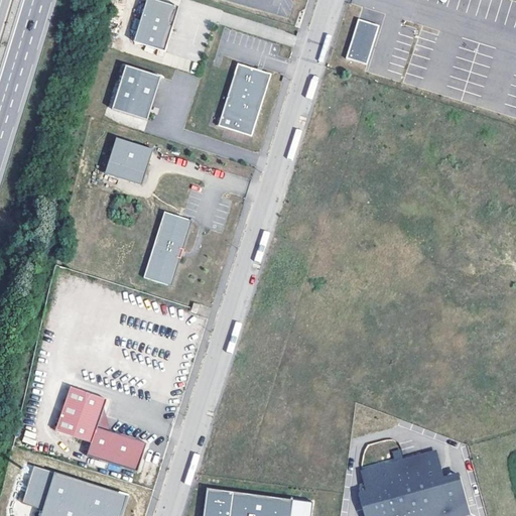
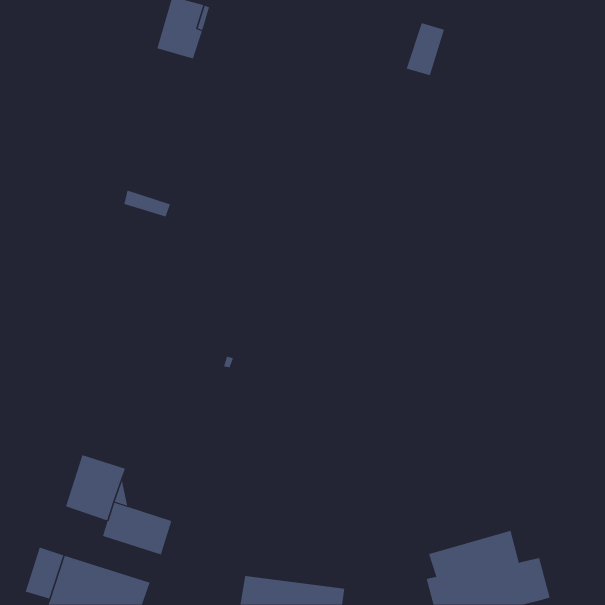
building: [218,62,271,136] -> none
building: [112,64,160,120] -> none
building: [108,137,153,173] -> none
building: [143,211,192,286] -> none

